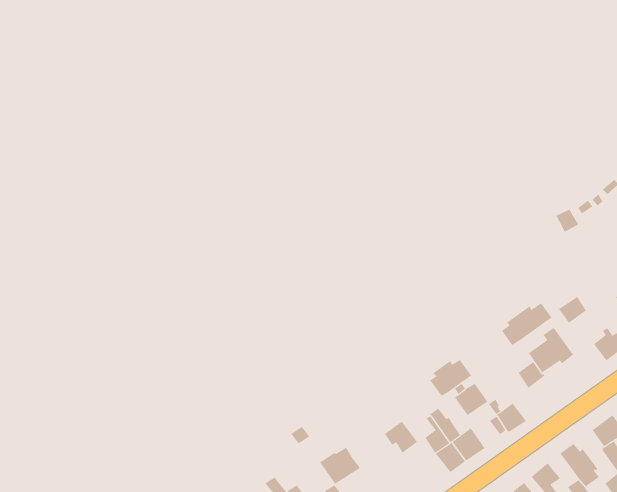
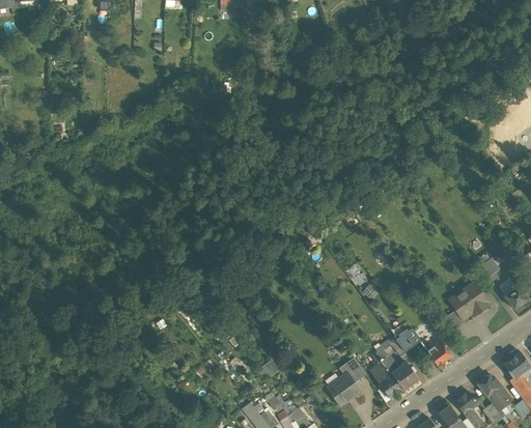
building: [501,303,552,346] -> none
building: [430,359,472,397] -> none
building: [319,447,361,485] -> [326,374,359,404]

